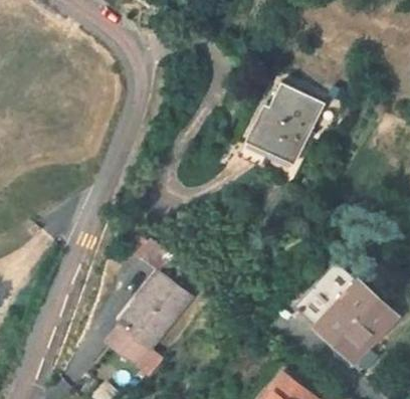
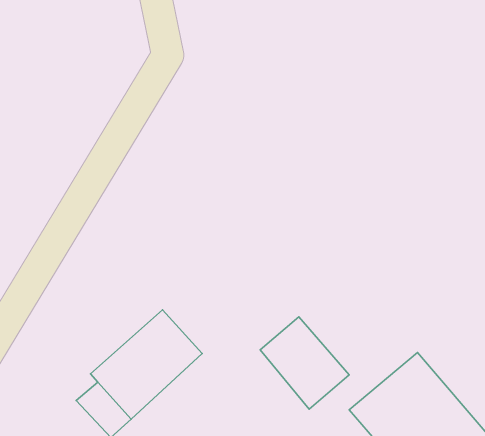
building: [262,87,335,168] -> none
building: none -> [260,317,349,409]

